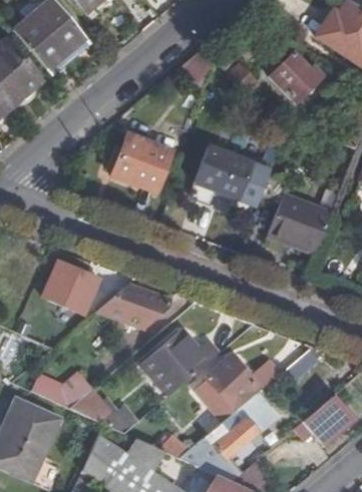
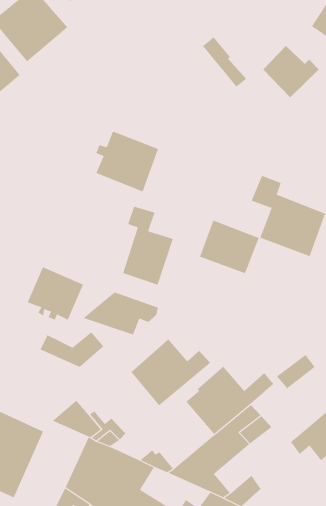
building: [194,146,251,197] -> [199,220,259,274]
building: none -> [122,206,173,286]
building: [32,374,93,408] -> [40,331,104,367]

